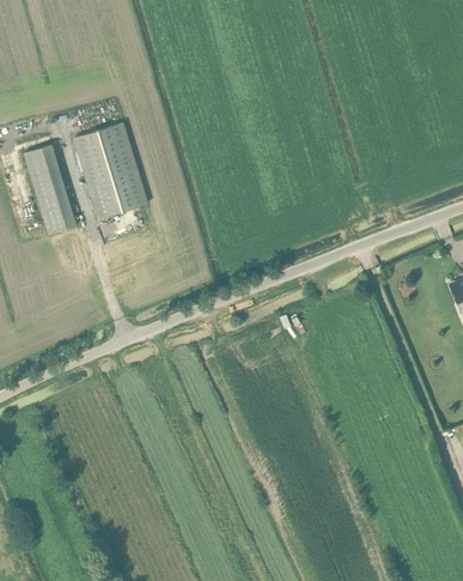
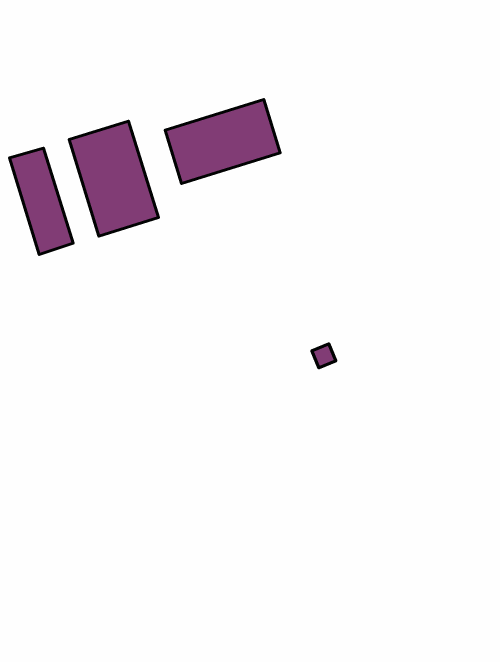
building: none -> [165,100,280,183]

